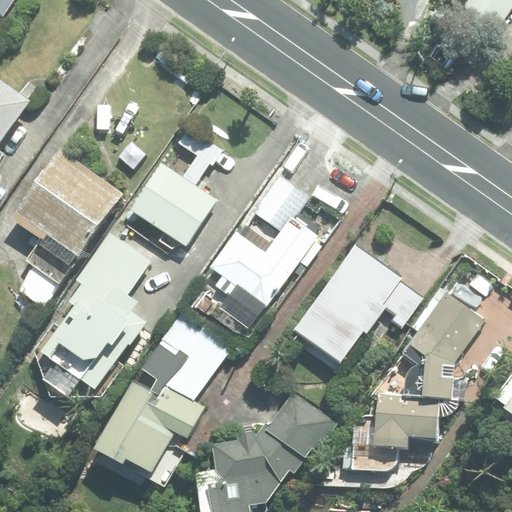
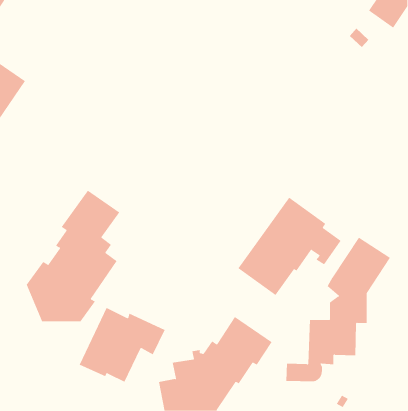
building: [131,127,219,246] -> none
building: [13,149,122,308] -> none
building: [209,174,317,317] -> none
building: [158,311,227,399] -> none

